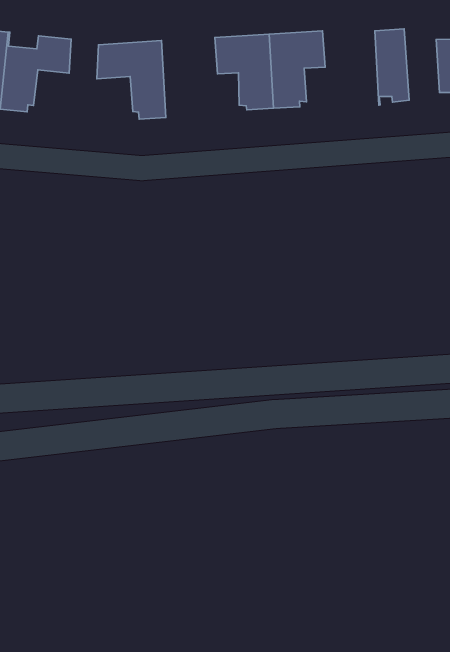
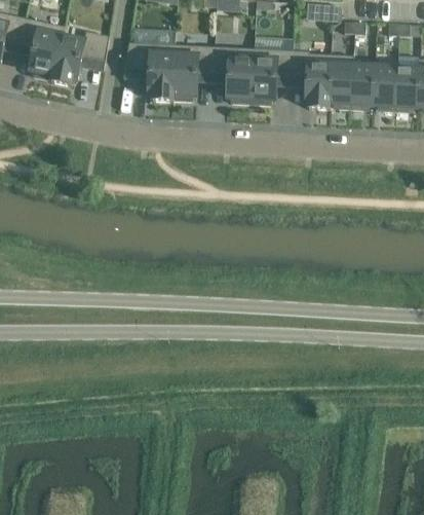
building: none -> [350,56,375,109]
building: none -> [292,50,331,109]
building: none -> [171,44,214,101]

